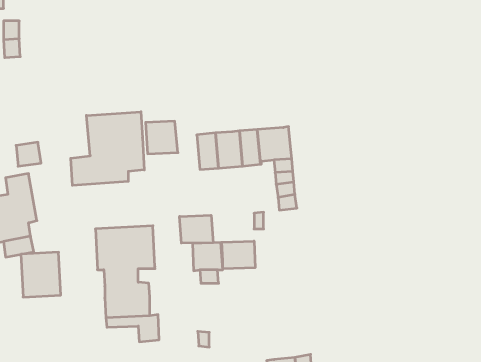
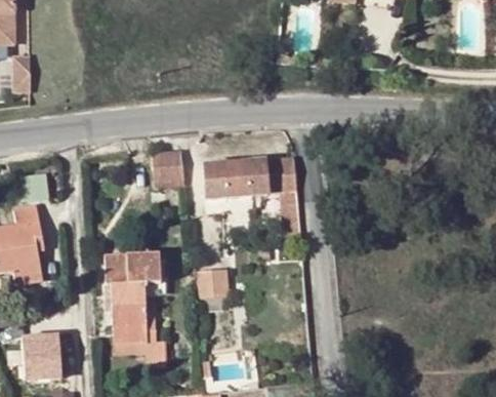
building: [71,112,144,185] -> none
building: [180,215,213,243] -> none
building: [222,241,255,269] -> none
building: [21,252,61,297] -> [19,335,58,380]

